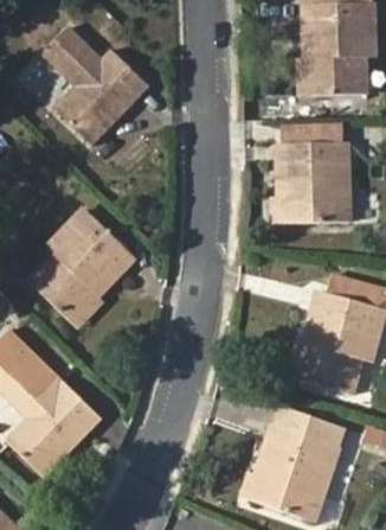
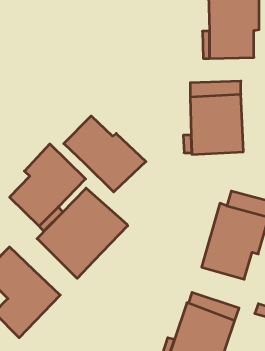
building: [46,30,148,142] -> none
building: none -> [64,116,146,192]
building: none -> [37,188,128,278]

